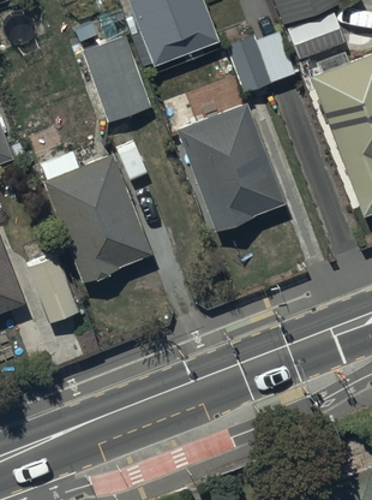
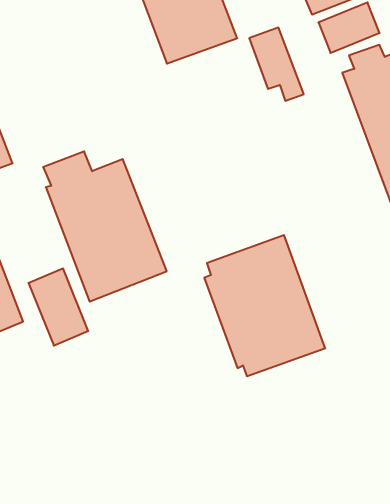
building: [83,34,151,120] -> none
building: [176,103,286,231] -> [204,235,325,376]

